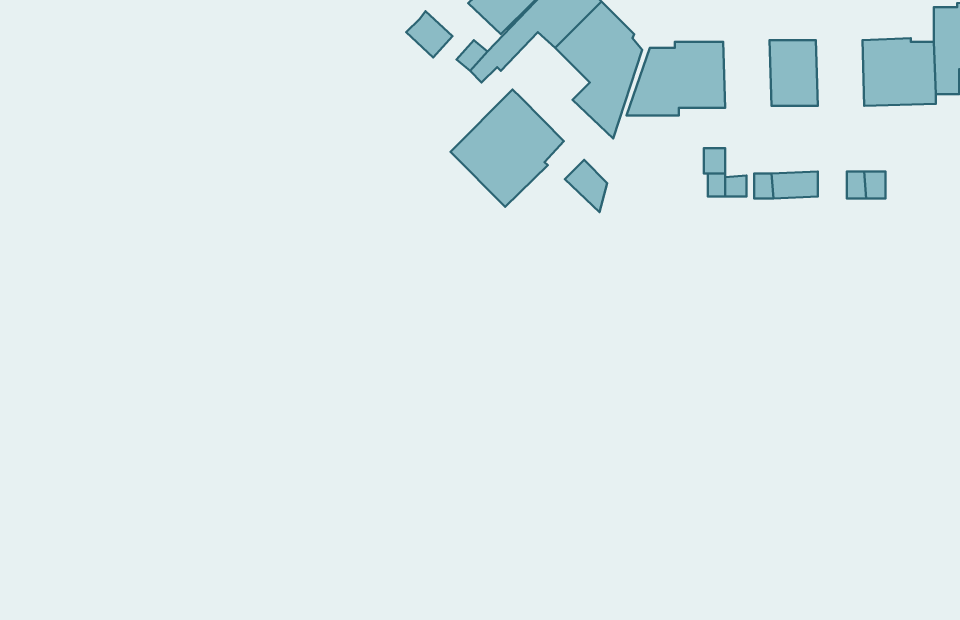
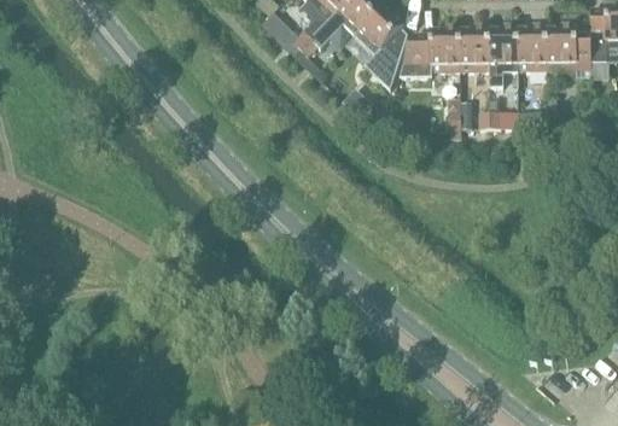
building: none -> [459,33,489,75]
building: none -> [517,33,547,74]
building: [450,90,564,207] -> none

